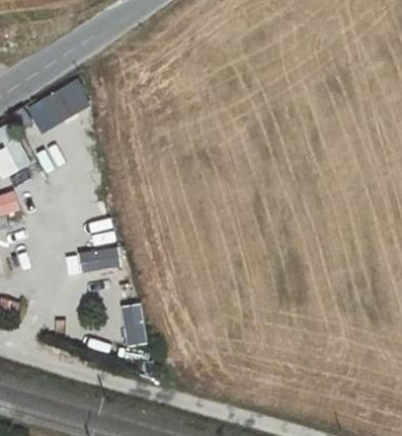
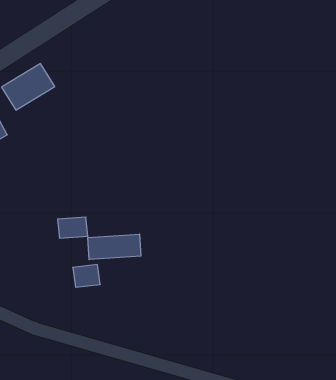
building: none -> [88,234,141,260]

